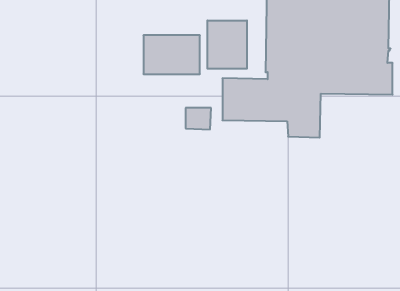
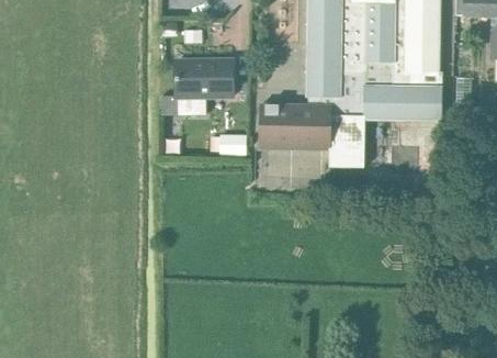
building: [207,20,247,69] -> none

